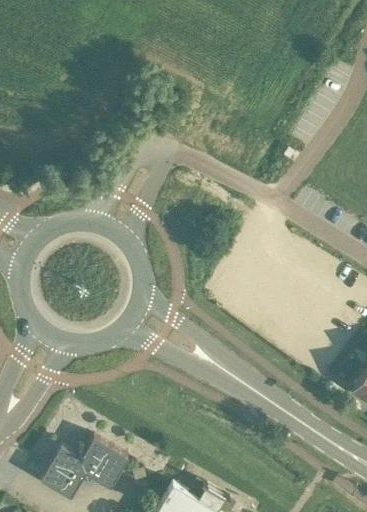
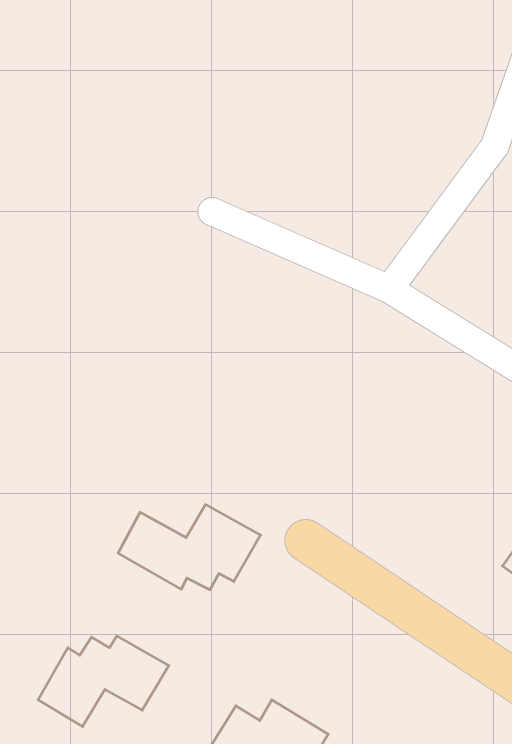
building: none -> [118,505,261,590]

